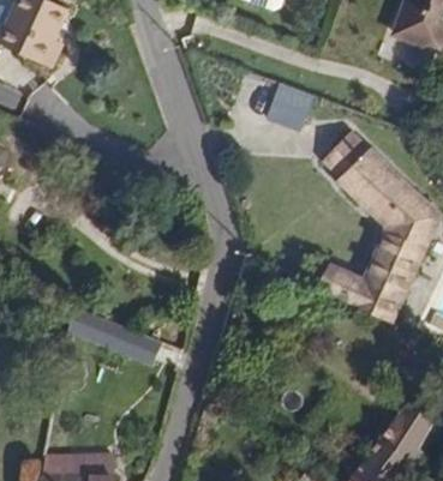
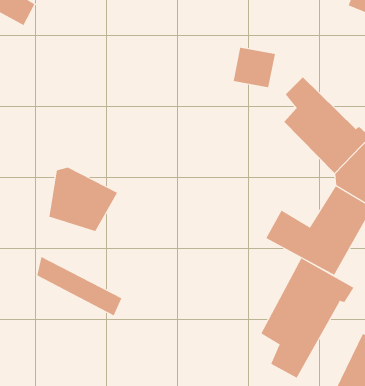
building: none -> [49,167,118,232]
building: none -> [260,257,354,379]

